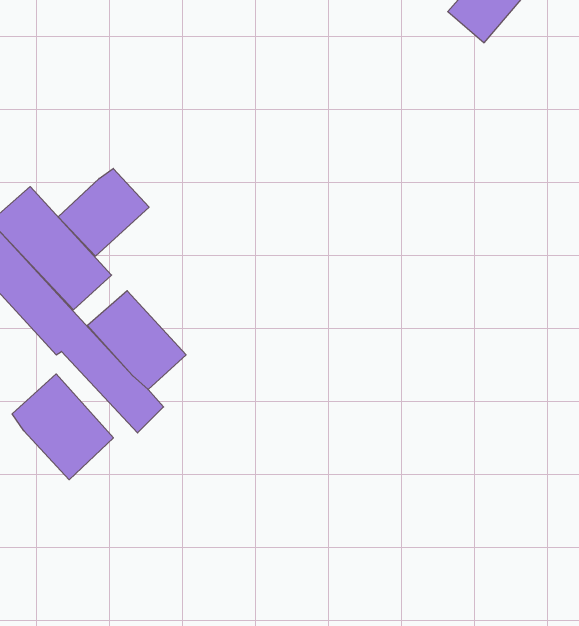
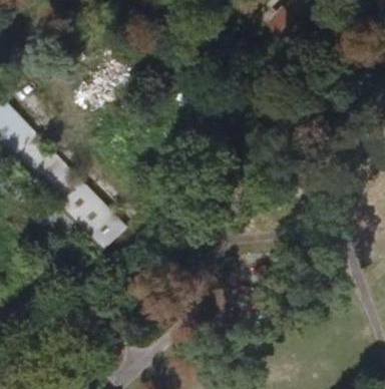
building: [58,168,149,256] -> none
building: [12,374,113,480] -> none

